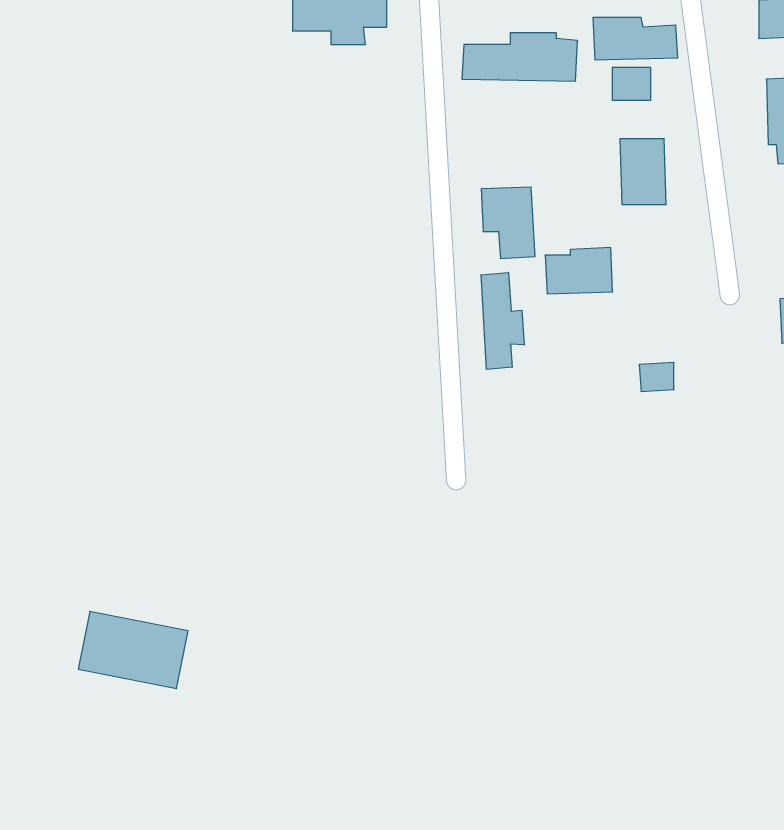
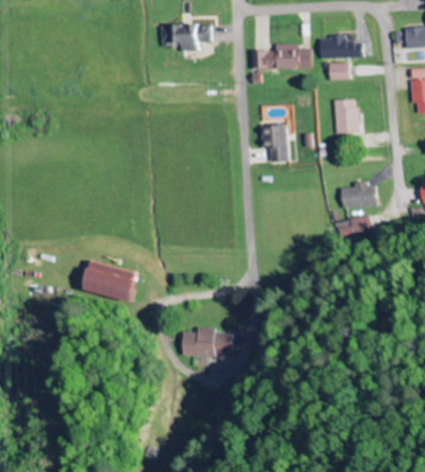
building: [545,248,613,294] -> [340,183,375,207]
building: [481,272,524,369] -> none
building: none -> [184,326,232,357]
building: [78,611,188,689] -> [83,262,141,302]

